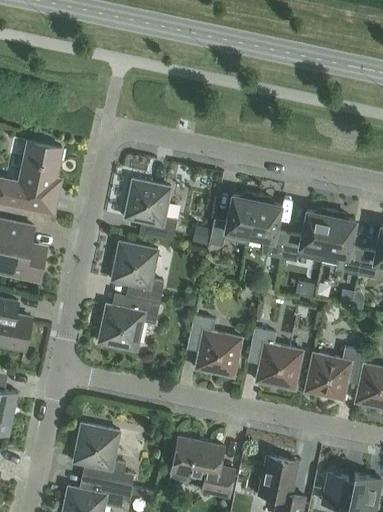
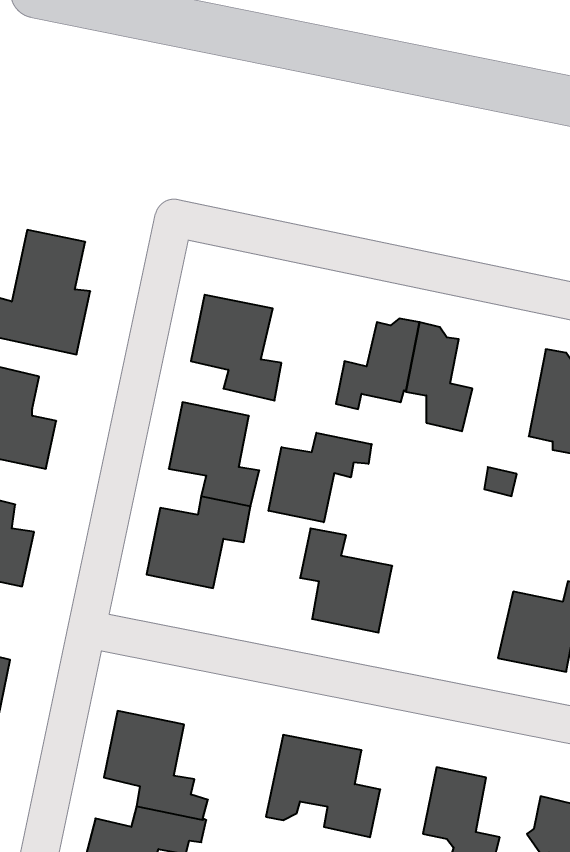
building: [283,208,332,262] -> none
building: none -> [269,433,372,522]
building: [248,328,303,390] -> none

